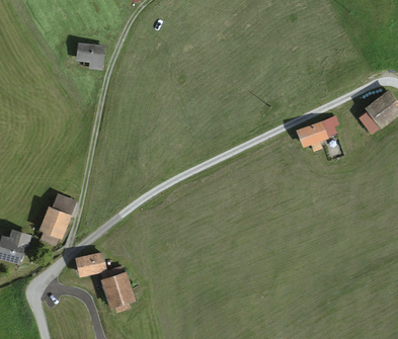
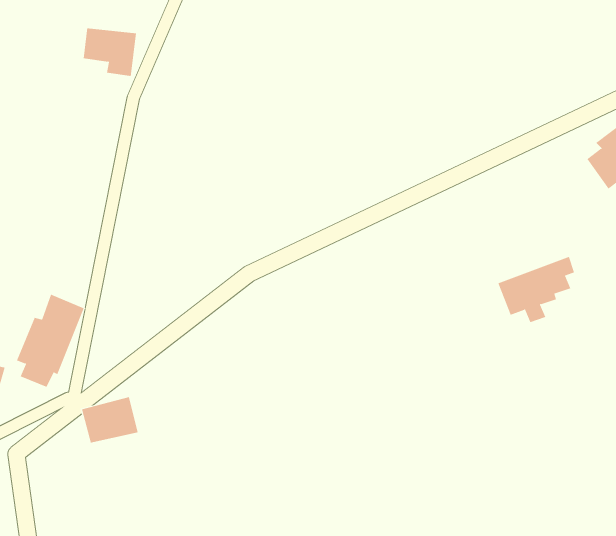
building: [295,114,338,152] -> [498,256,575,323]
building: [100,272,135,309] -> none

